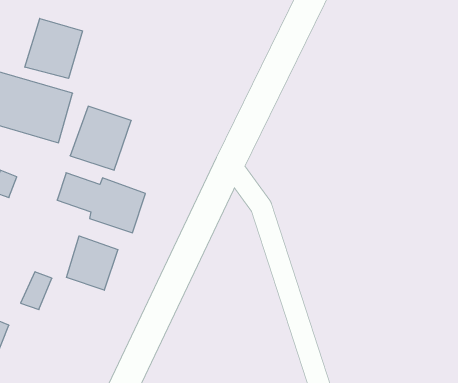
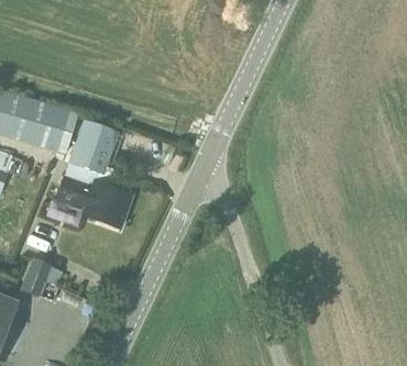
building: [25,18,82,78] -> none
building: [66,236,118,290] -> none

